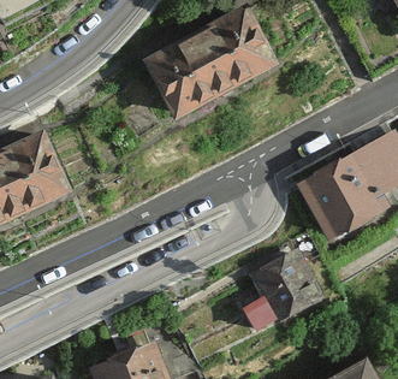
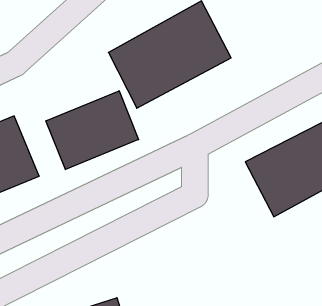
building: none -> [46,91,139,170]
building: [251,250,325,326] -> none

